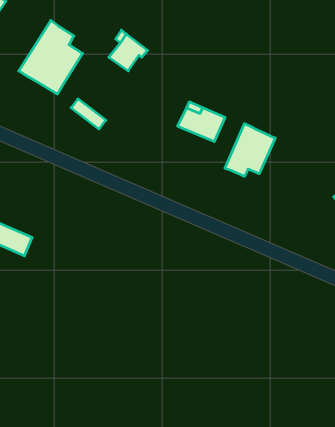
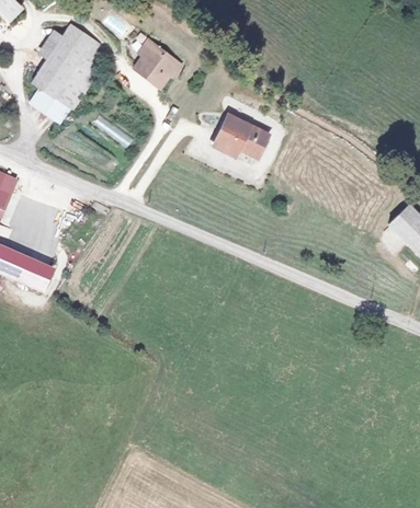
building: none -> [39,91,77,122]
building: [225,124,275,176] -> none

